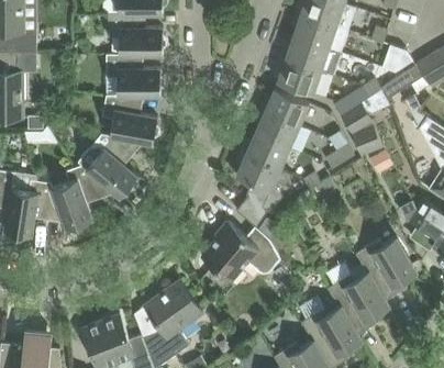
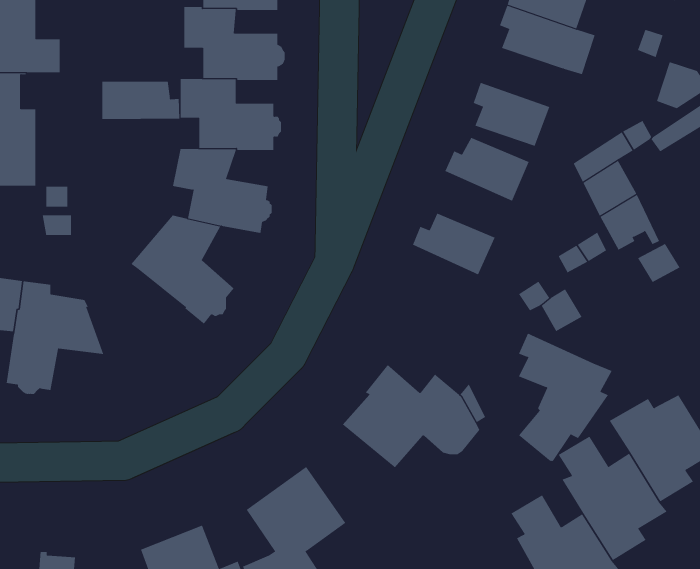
building: [280,38,340,77] -> none
building: none -> [102,81,180,120]
building: [254,110,299,148] -> none
building: [235,153,290,228] -> [518,333,613,463]
building: [52,167,109,231] -> none

